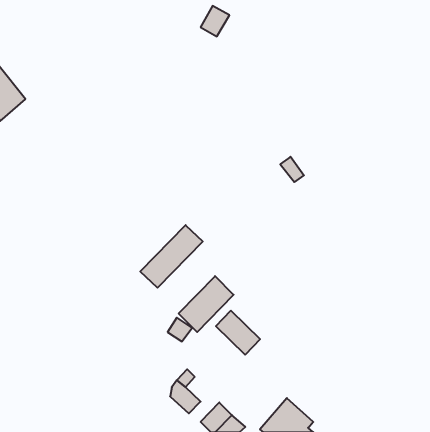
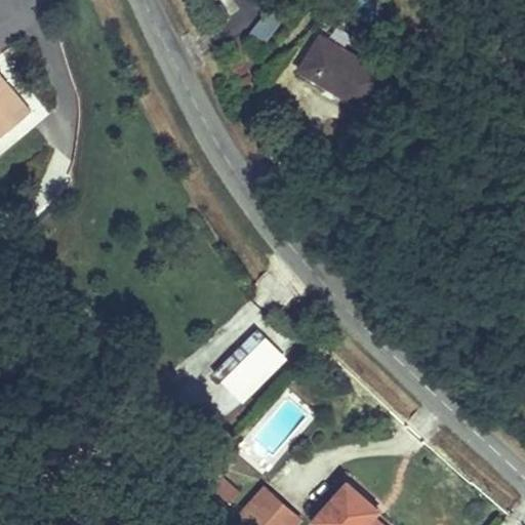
building: none -> [298,40,376,111]
building: [140,225,203,288] -> none
building: [216,311,260,355] -> none

